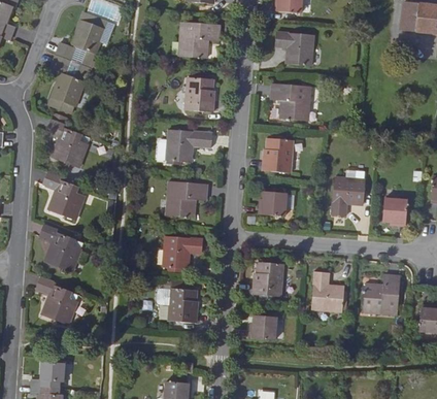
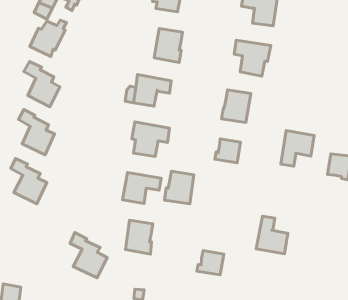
building: [253,260,282,294] -> [164,171,194,204]
building: [363,273,400,312] -> none
building: [35,279,76,327] -> [70,232,107,278]

